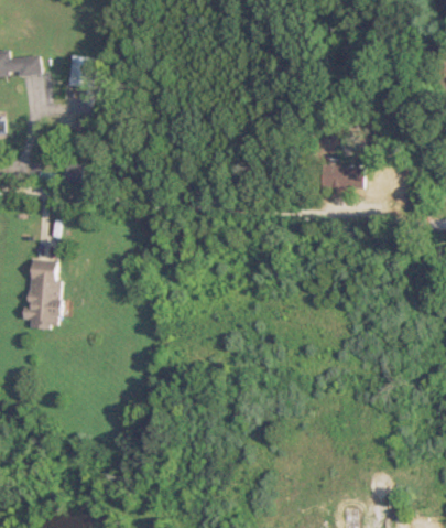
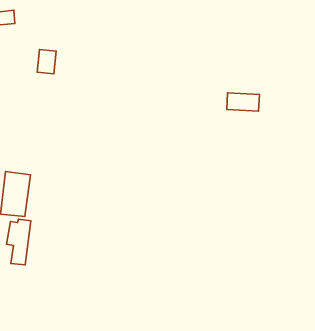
building: [67,55,93,87] -> [37,50,56,74]
building: none -> [7,219,31,265]

